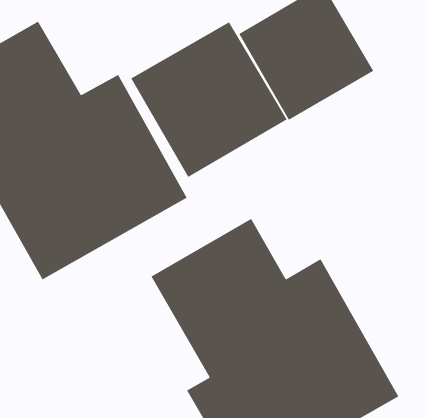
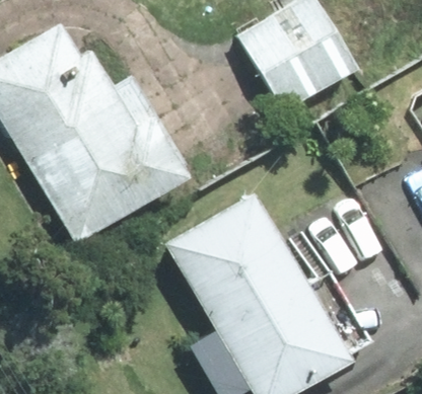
building: [130,21,288,178] -> none

